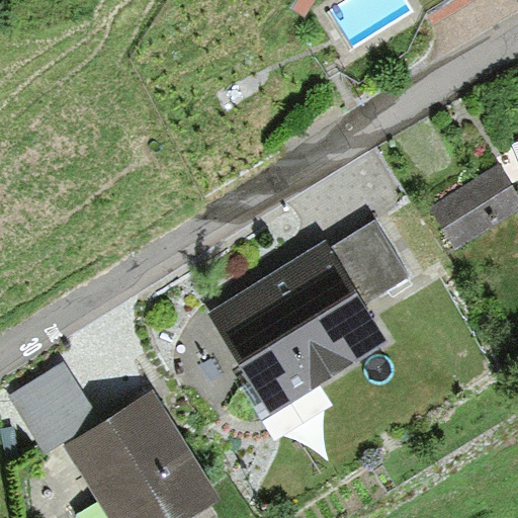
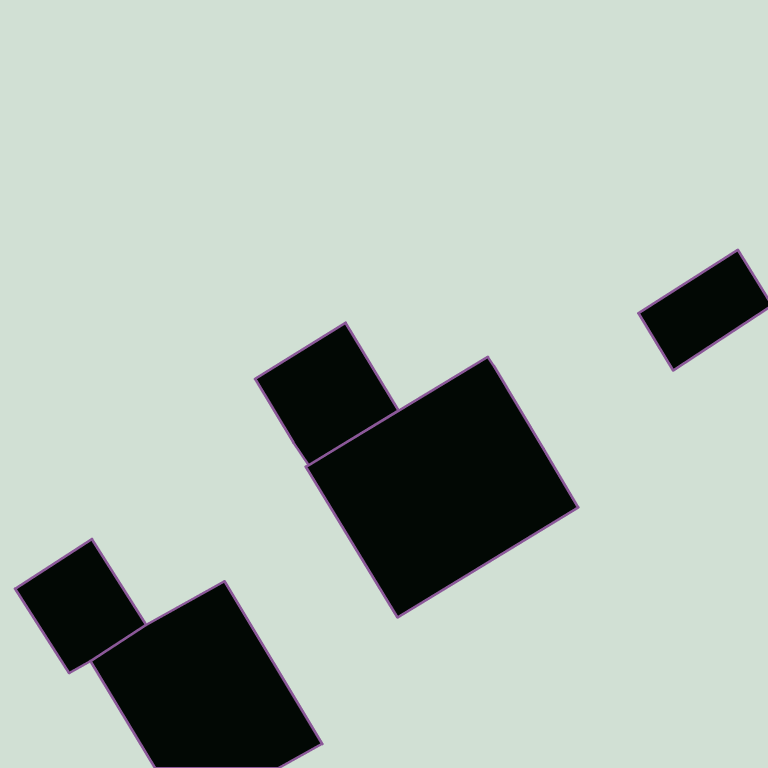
building: none -> [255,323,399,465]
building: [333,219,412,301] -> none

